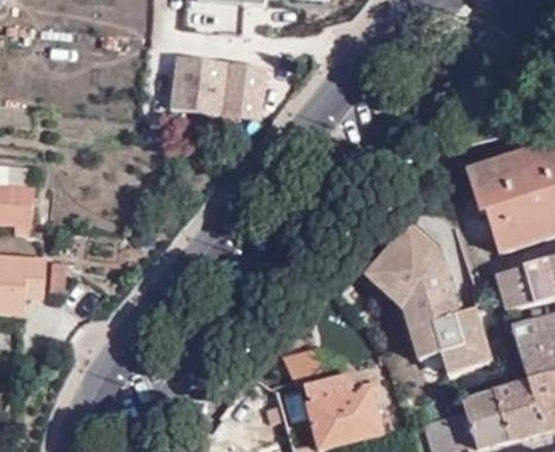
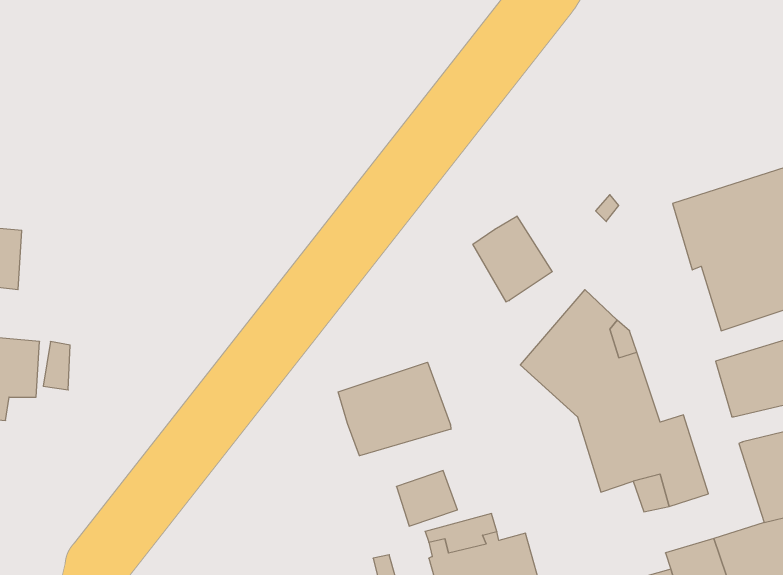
building: [172,57,267,122] -> none
building: none -> [473,216,552,302]
building: none -> [338,362,451,456]

